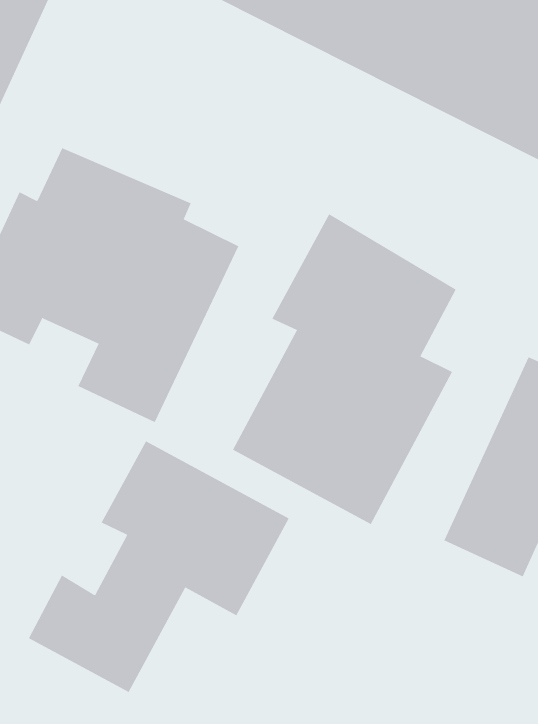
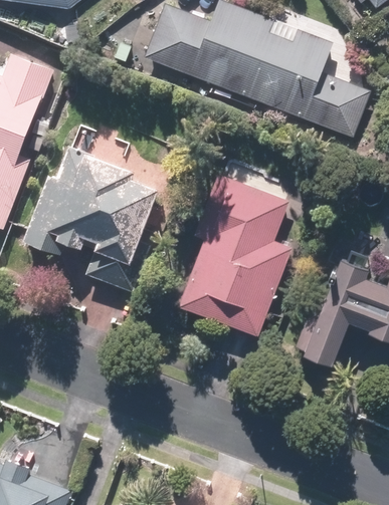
building: [28,441,290,693] -> none

